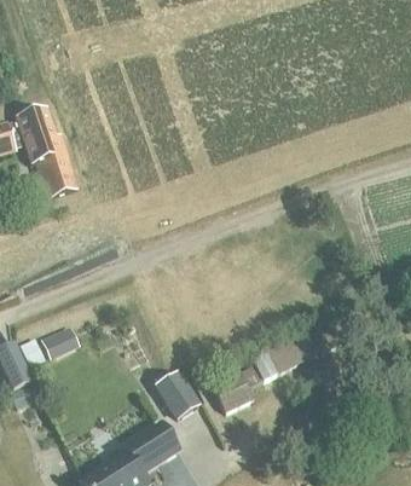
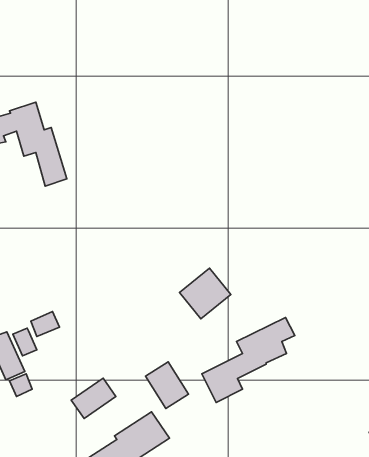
building: none -> [180,268,231,319]
building: none -> [71,378,116,419]

